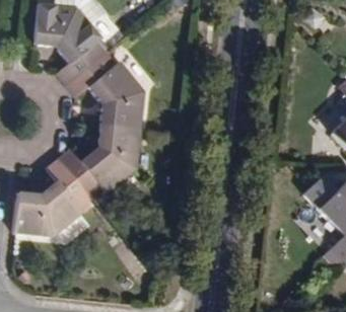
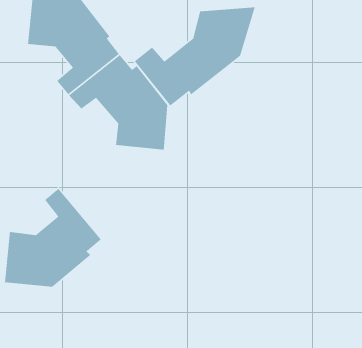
building: none -> [134,6,256,107]
building: [57,127,146,206] -> none

